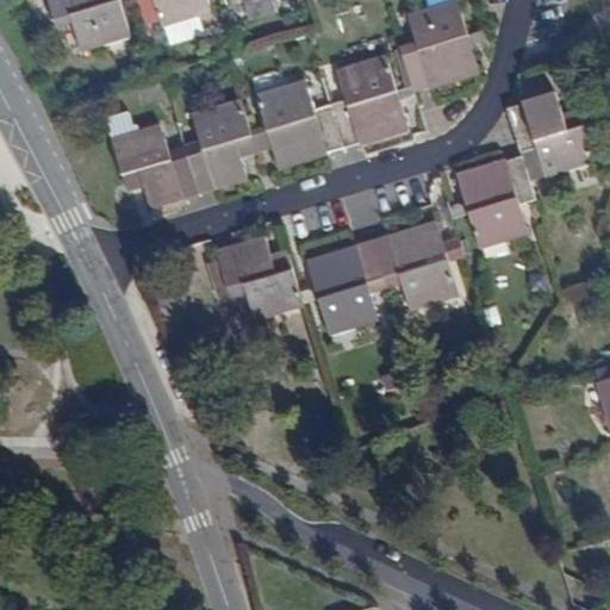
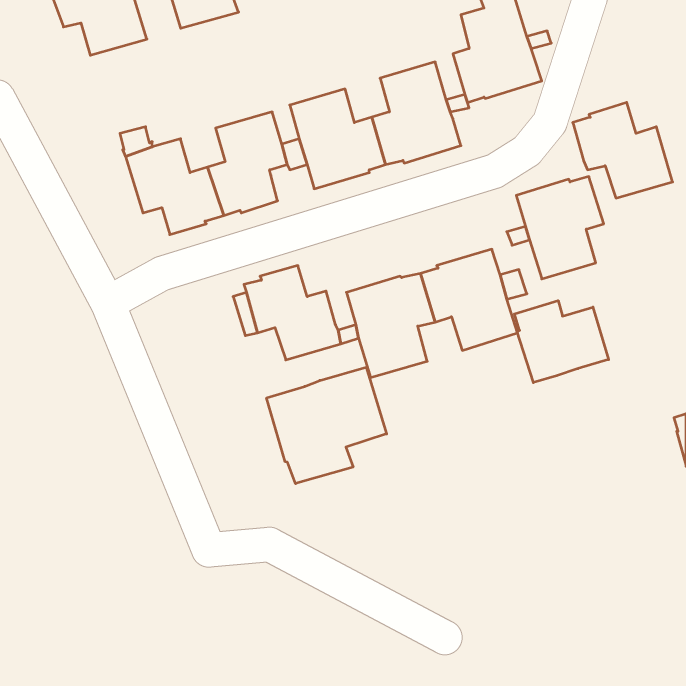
building: none -> [514,301,609,383]
building: none -> [267,367,387,484]

